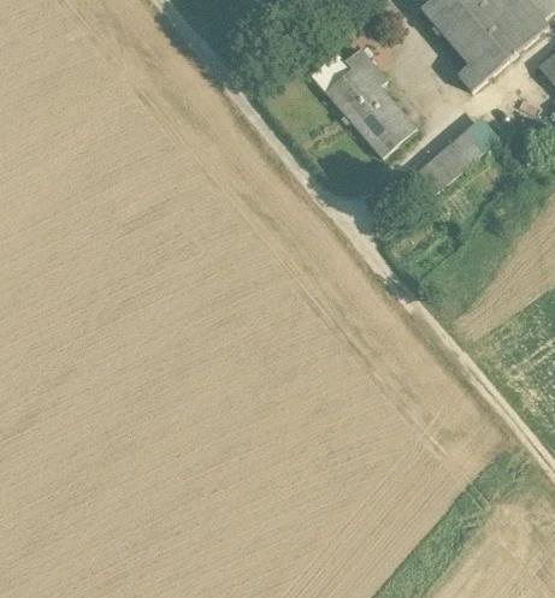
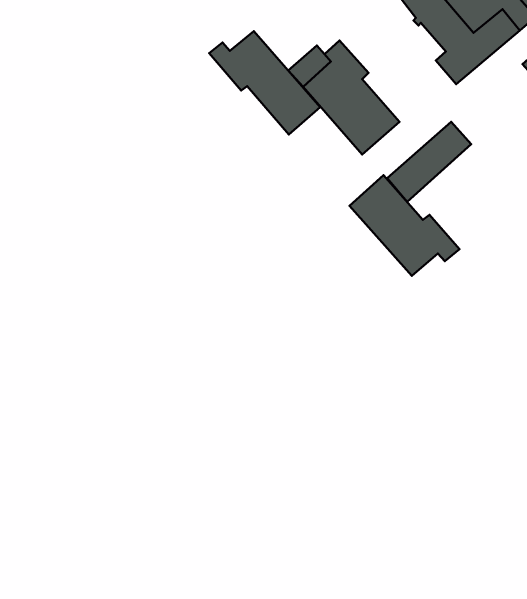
building: none -> [209,31,320,135]
building: none -> [349,175,459,276]

